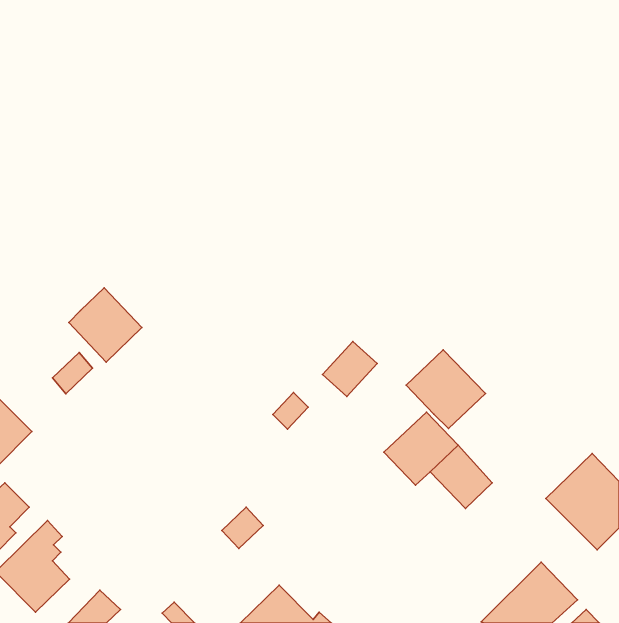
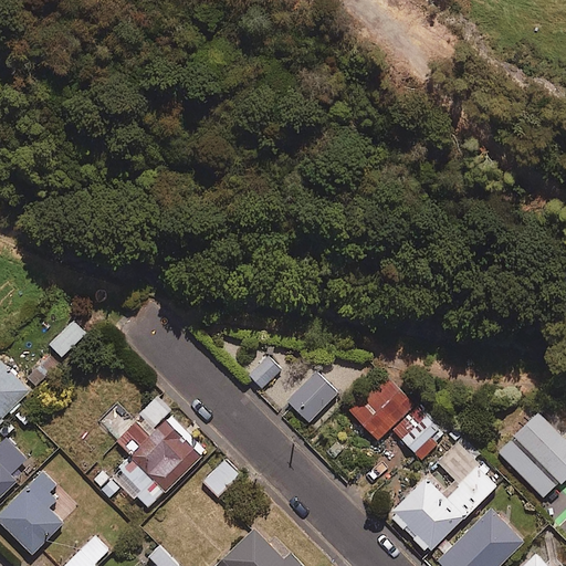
building: [69,288,142,362] -> none
building: [322,342,377,396] -> [287,373,337,422]
building: [406,350,485,429] -> none
building: none -> [109,396,203,507]
building: none -> [387,443,497,556]

